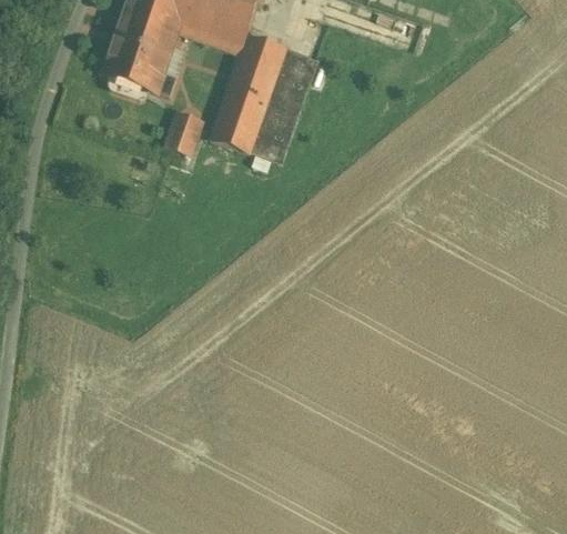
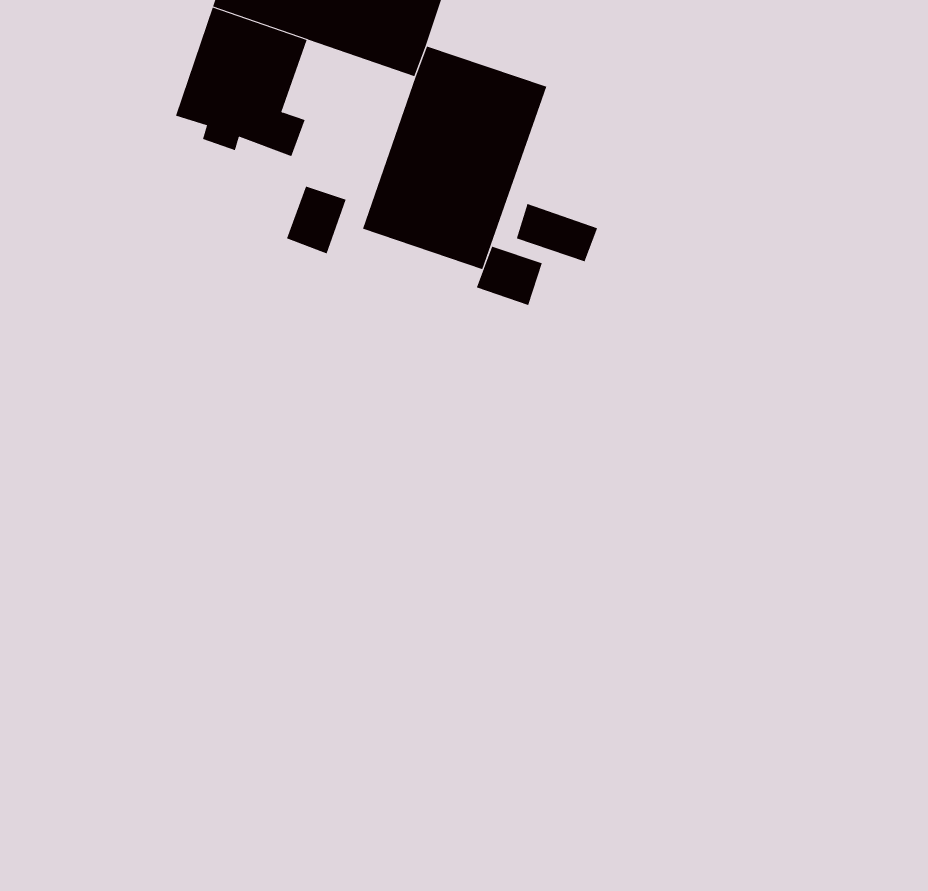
building: none -> [516,203,598,262]
building: none -> [476,246,542,306]

